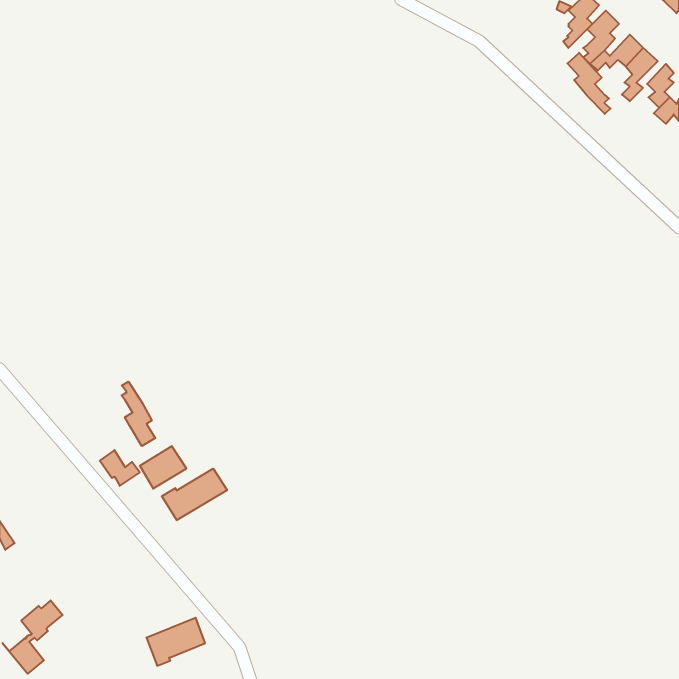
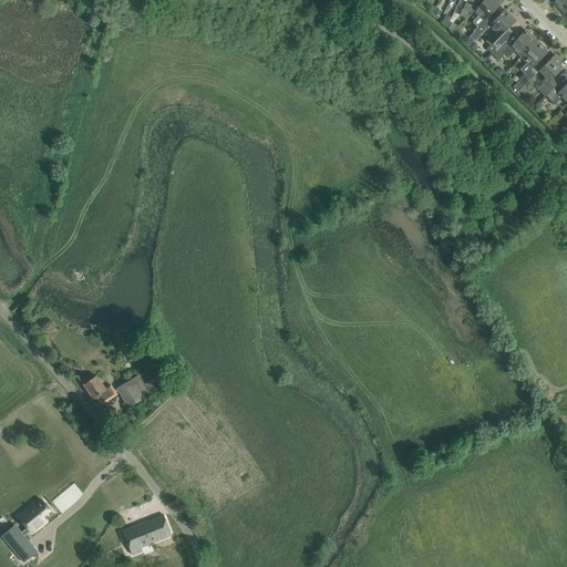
building: [567,53,611,114] -> none
building: [122,382,155,446] -> none
building: [162,469,227,520] -> none

